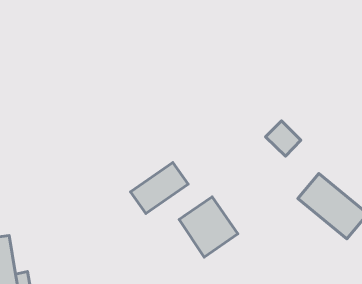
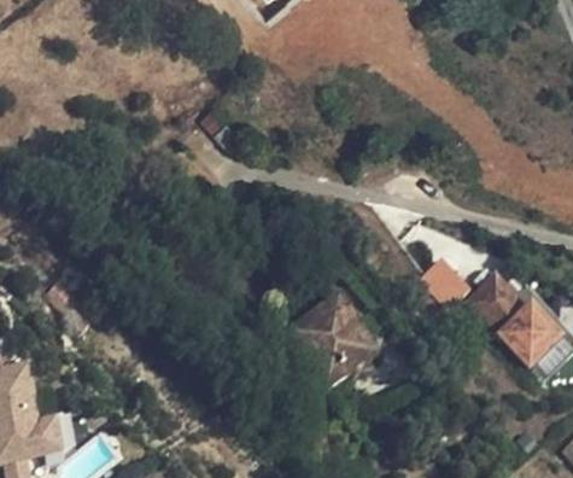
building: [266,121,301,156] -> [416,256,469,309]
building: [131,163,188,214] -> none

